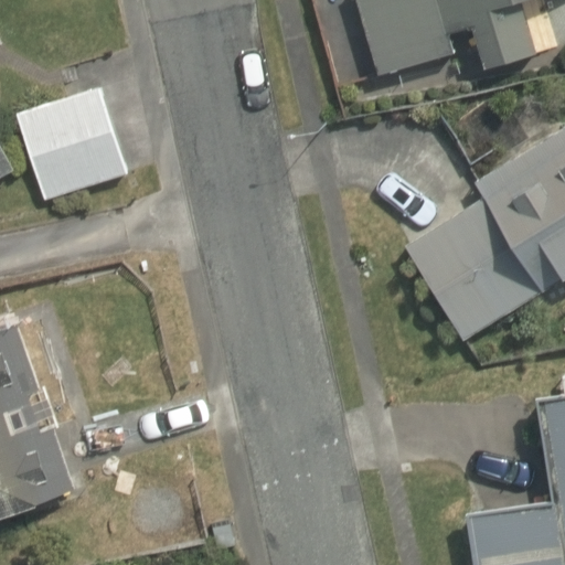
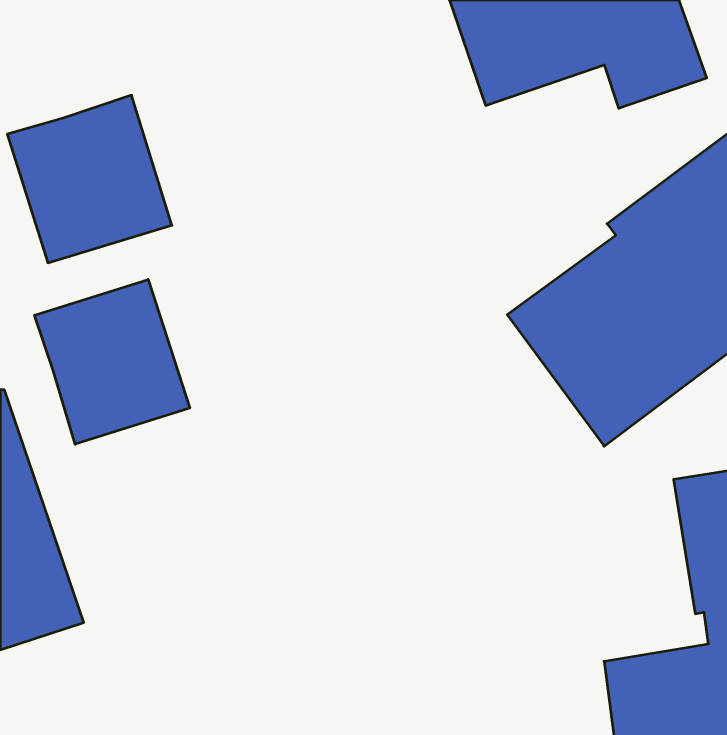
building: none -> [35,279,190,444]

